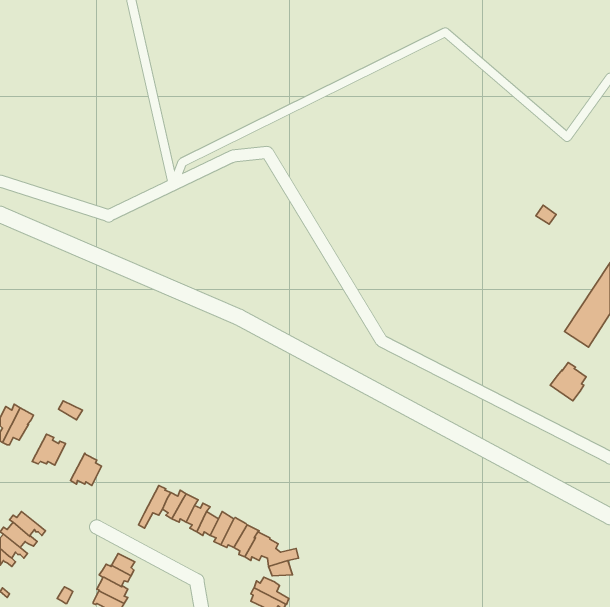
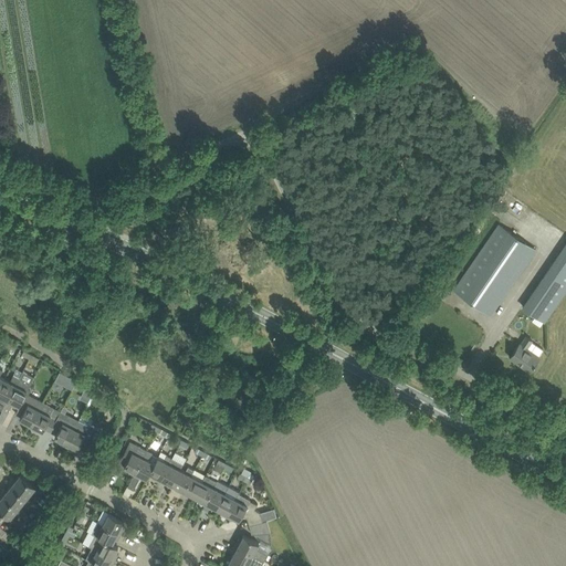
building: none -> [454,227,535,317]
building: none -> [15,396,43,430]
building: none -> [51,413,78,448]
building: none -> [119,443,147,478]

